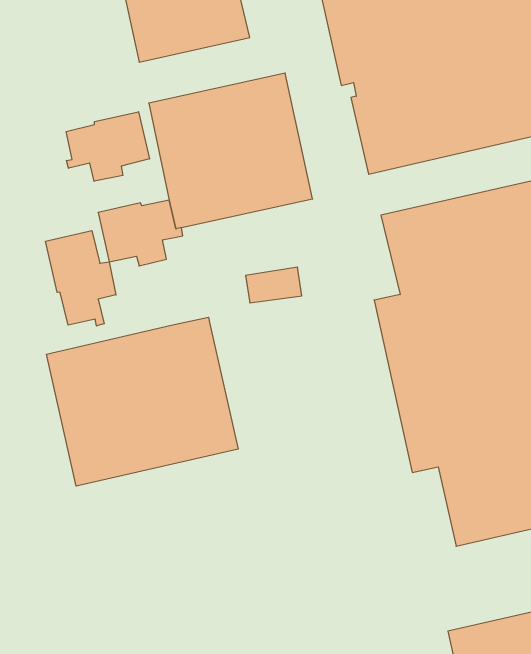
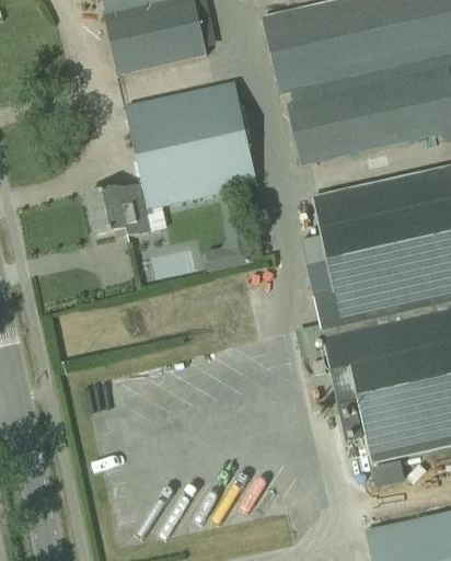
building: [66,112,149,181] -> none
building: [46,231,116,326] -> none
building: [47,317,238,486] -> none

